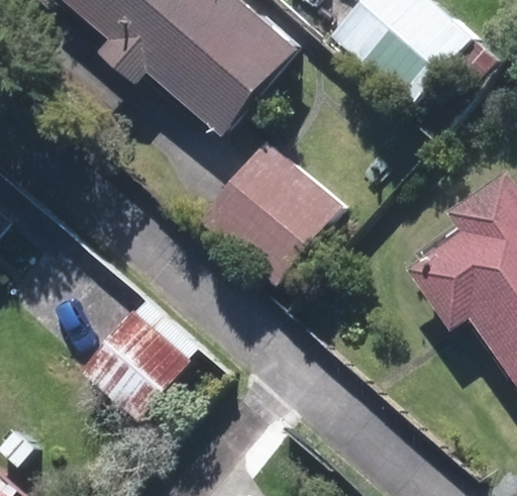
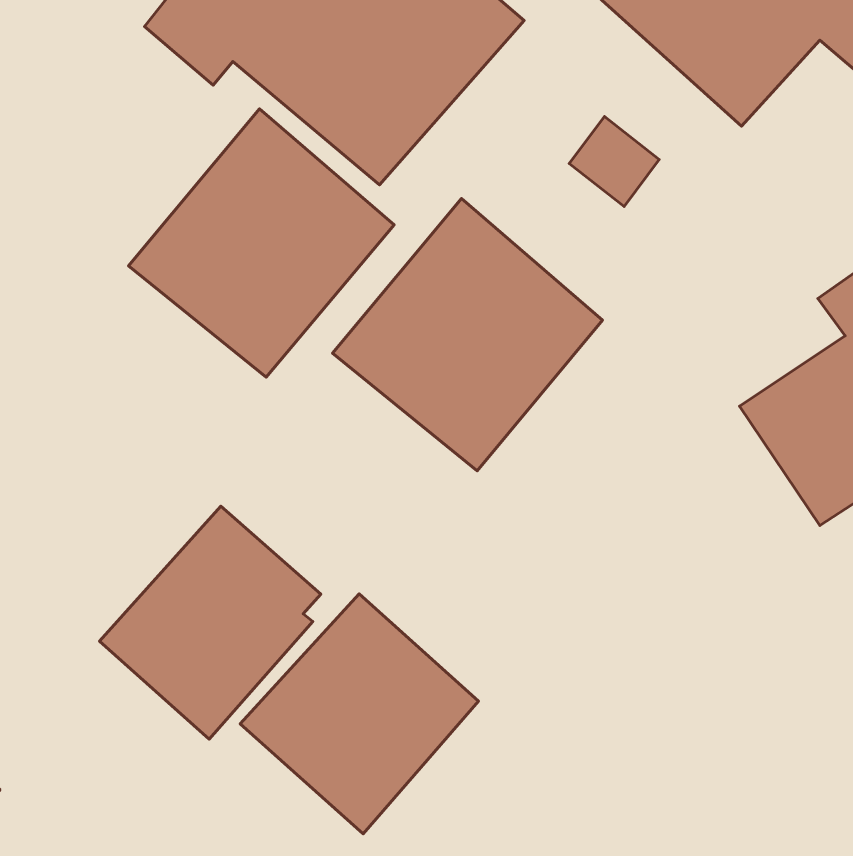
building: none -> [129,109,394,377]
building: none -> [240,594,479,834]

